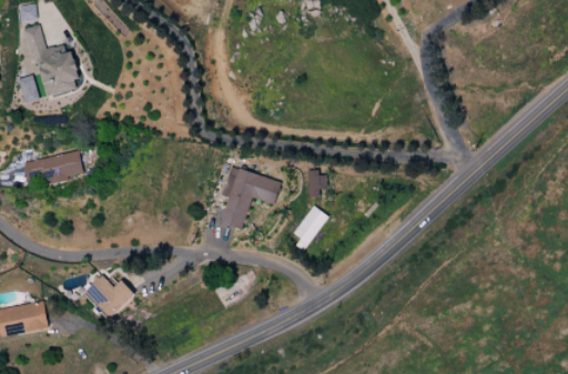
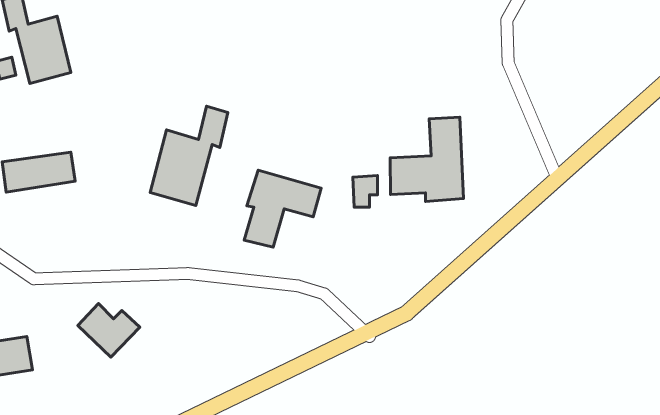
building: none -> [150,106,228,205]
building: none -> [390,117,464,201]
building: [293,205,327,251] -> none

